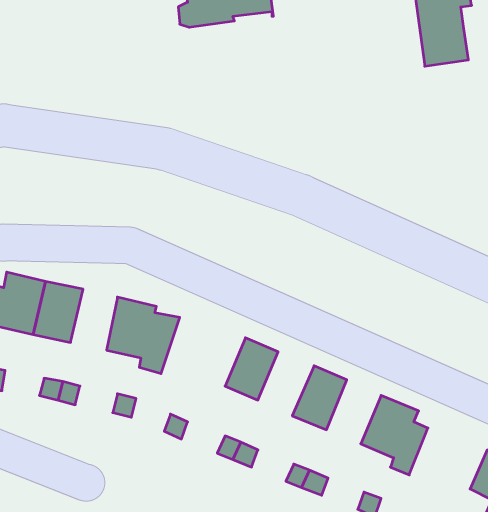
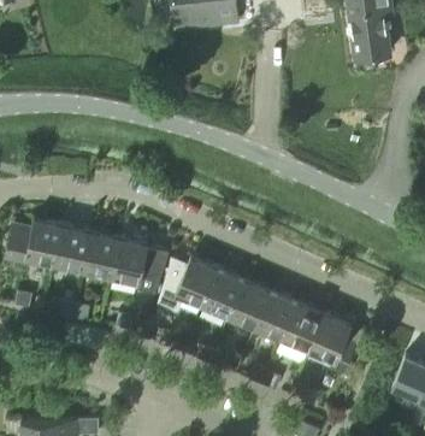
building: none -> [84,231,120,278]
building: none -> [159,257,219,312]
building: none -> [229,279,272,329]
building: none -> [282,301,324,350]

